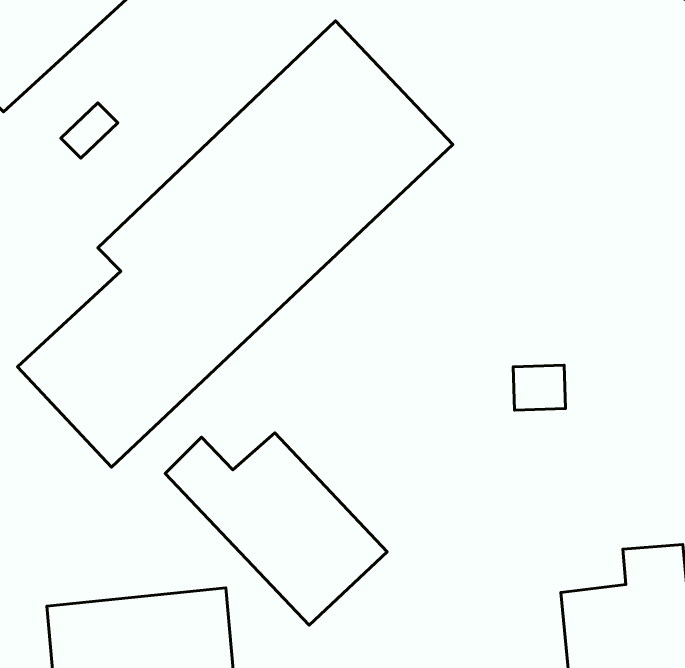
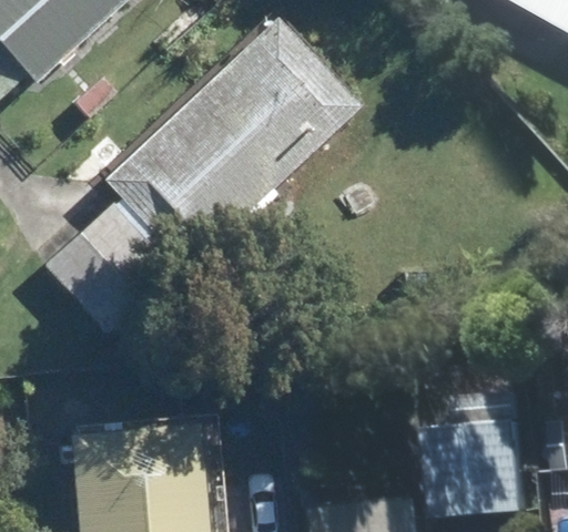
building: [165,433,387,625] -> none

